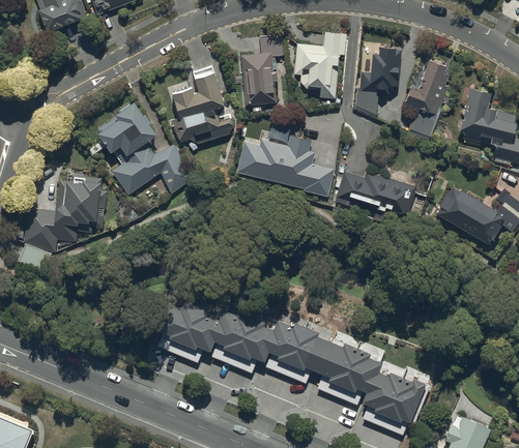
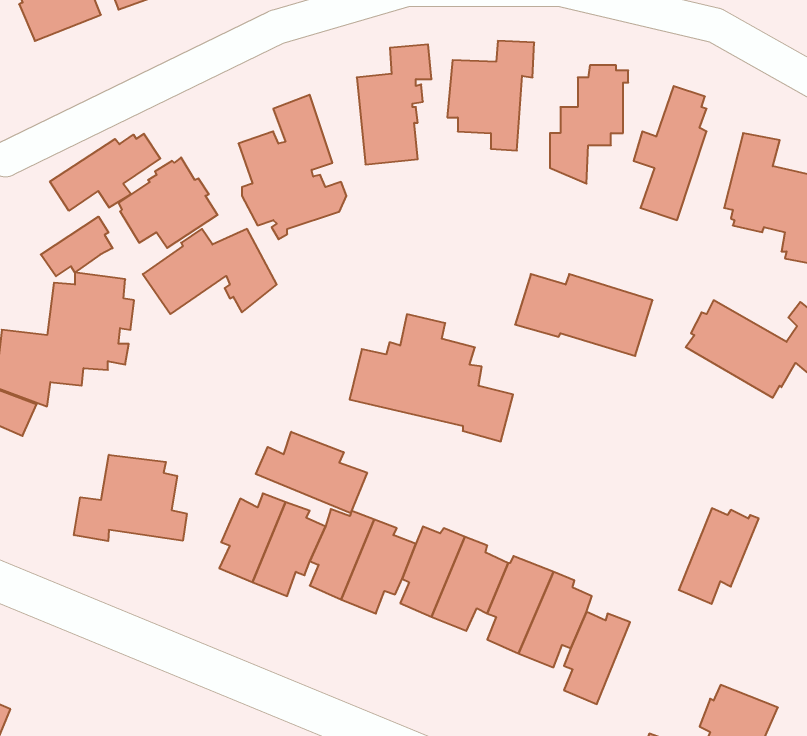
building: none -> [50,134,160,211]
building: [236,121,334,197] -> [350,314,513,441]
building: none -> [41,217,113,276]
building: none -> [256,432,367,513]
building: none -> [74,455,187,541]
building: [382,378,430,435] -> [679,508,759,604]

